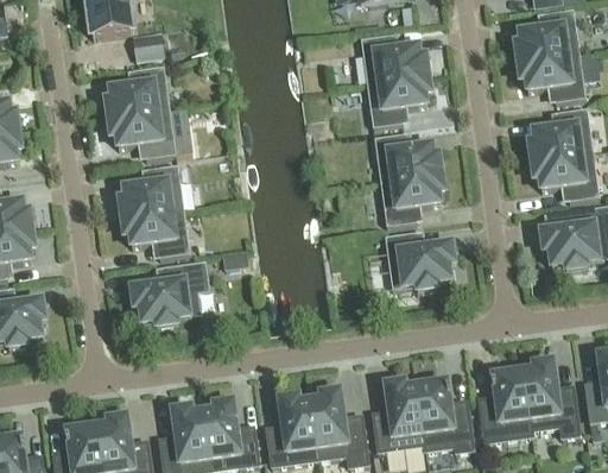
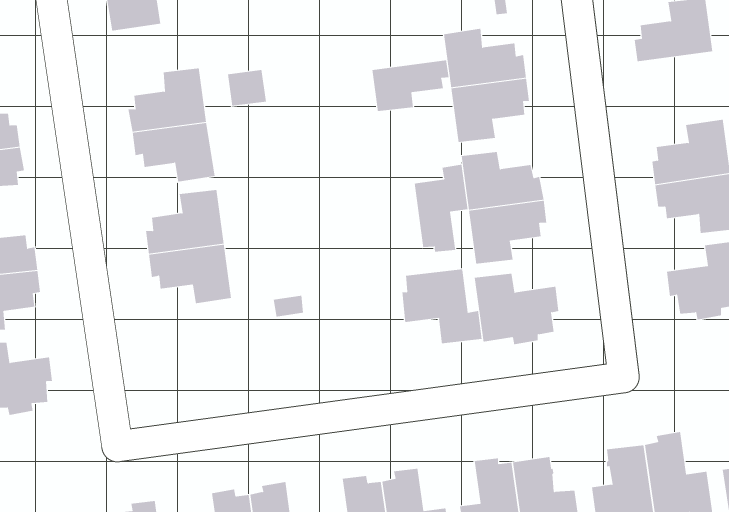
building: [132,29,164,58] -> [227,70,267,106]
building: [517,51,584,100] -> none
building: none -> [372,60,449,112]
building: none -> [414,164,468,253]
building: none -> [402,268,482,344]
building: [131,259,209,324] -> none

